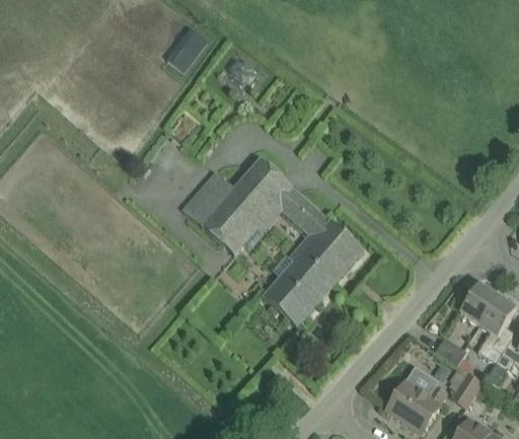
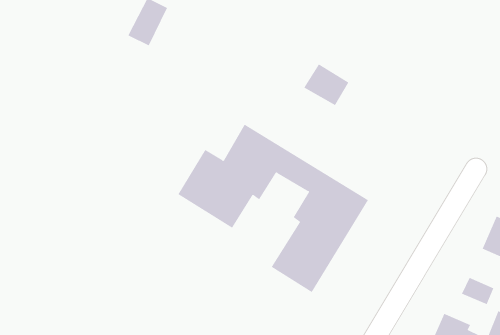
building: none -> [304,63,349,106]

